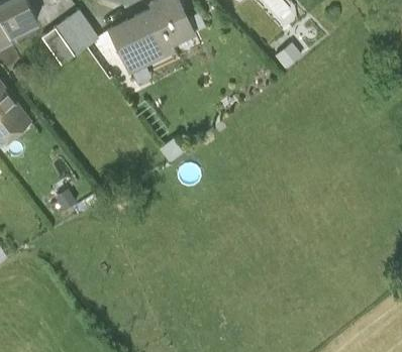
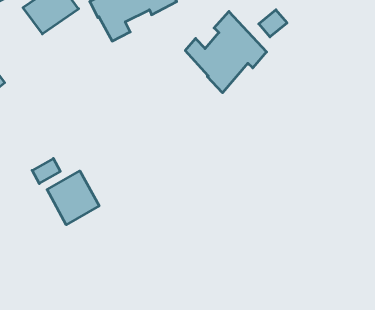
building: none -> [185,11,267,93]
building: none -> [47,171,99,225]

